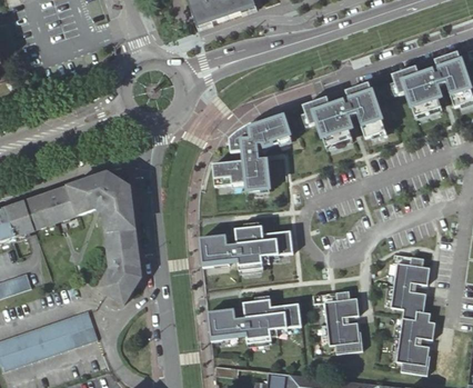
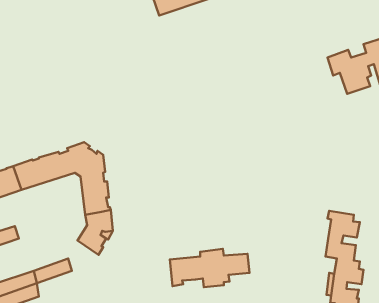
building: [302,81,386,147] -> none
building: [212,116,291,190] -> none
building: [200,225,292,269] -> none
building: [312,290,362,354] -> none
building: [52,324,99,354] -> none

